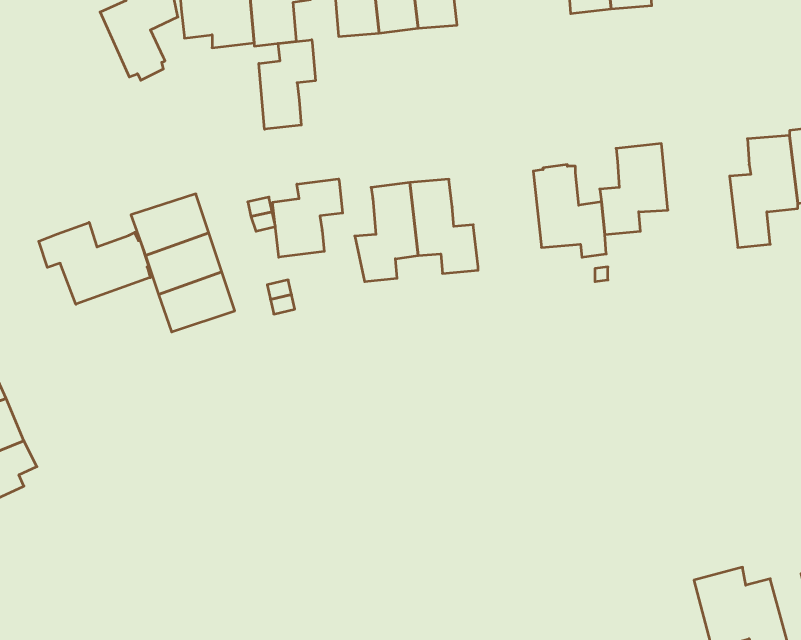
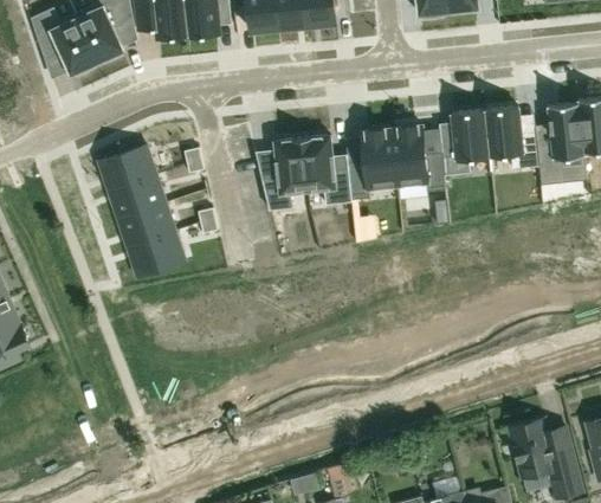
building: none -> [31,9,97,76]
building: [259,40,315,129] -> none
building: none -> [485,107,538,168]
building: none -> [347,128,398,199]
building: [273,179,343,257] -> none
building: [39,222,150,304] -> none
building: none -> [128,231,185,276]

